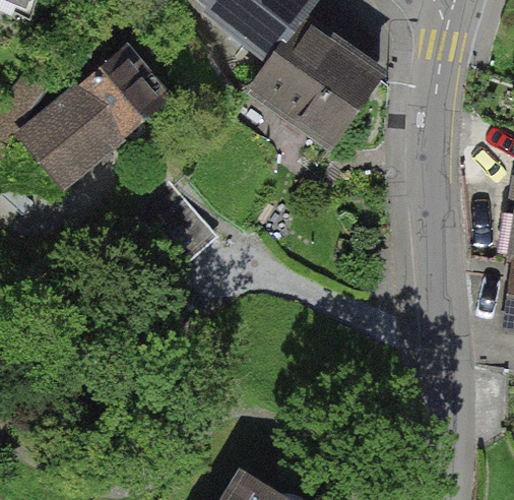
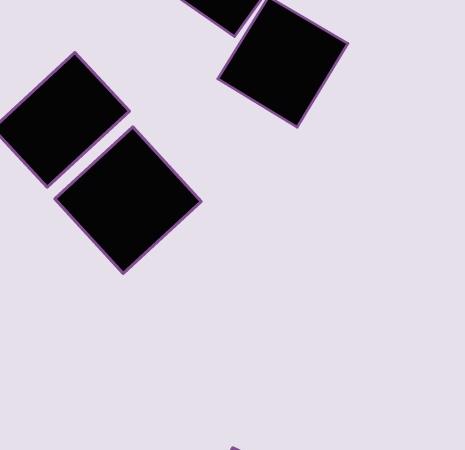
building: none -> [55,127,201,273]

